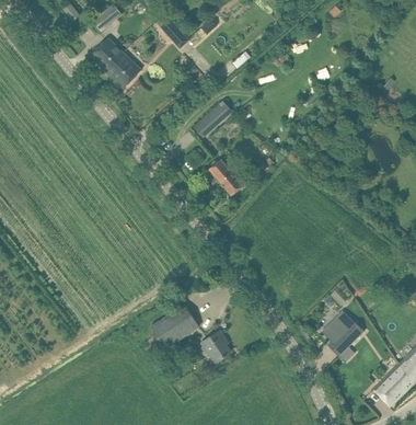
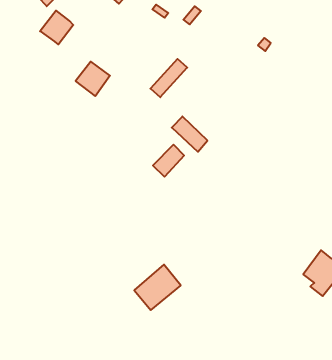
building: [106,54,141,89] -> [76,62,110,96]
building: none -> [153,145,184,177]
building: [203,331,230,363] -> none

